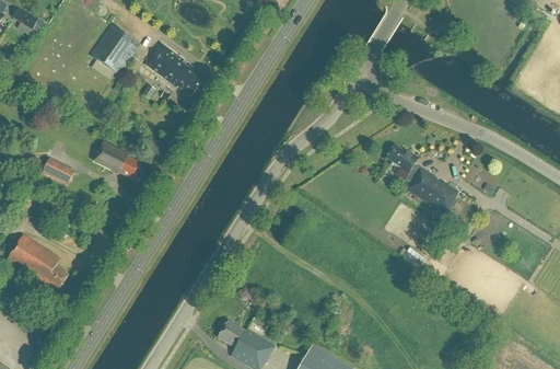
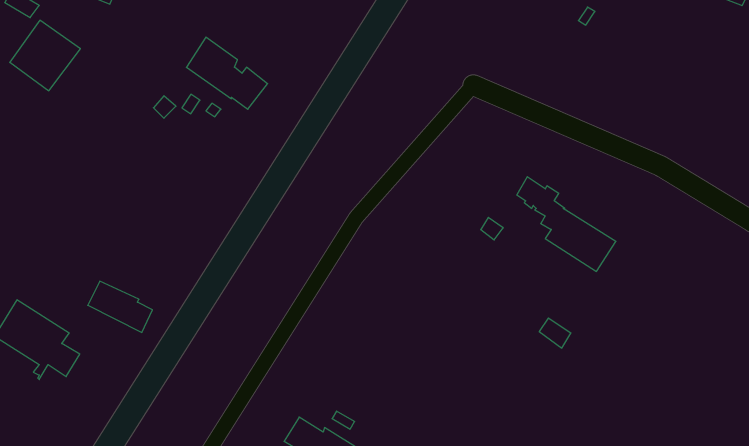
building: [89,23,140,74] -> [10,20,80,91]
building: [93,141,140,178] -> [88,281,152,332]
building: [42,157,74,183] -> none

